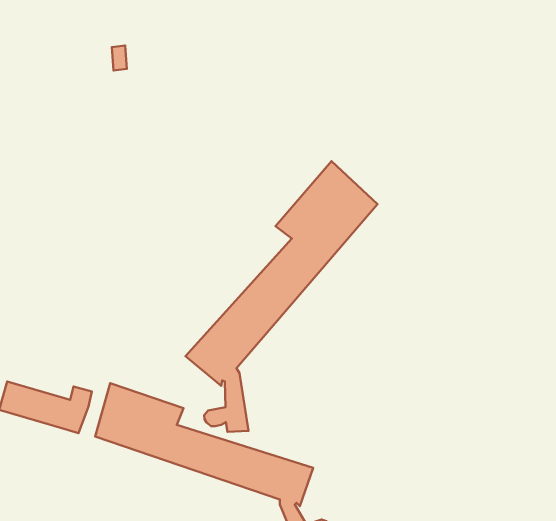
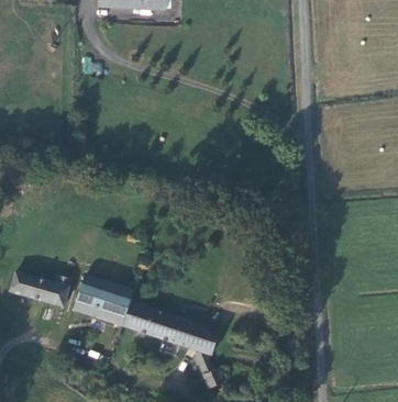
building: [186,161,378,432] -> none

